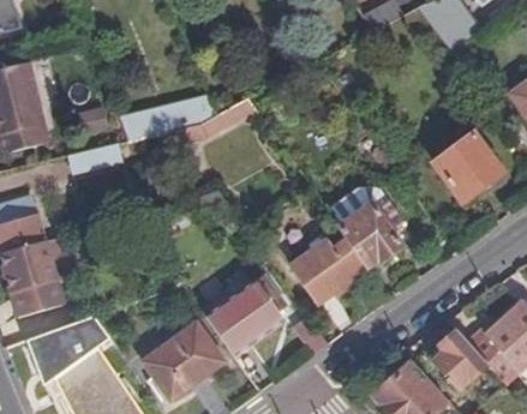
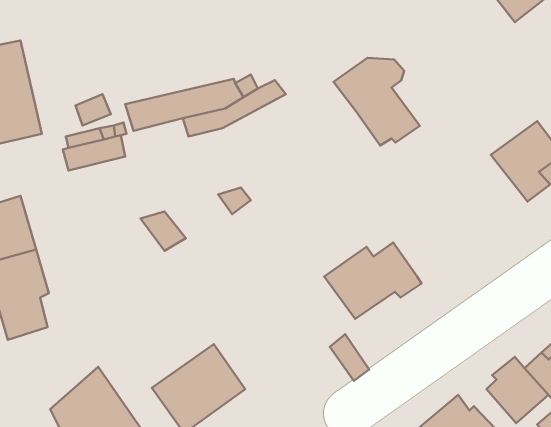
building: [329,191,402,265] -> [334,58,420,145]
building: [205,275,282,354] -> none
building: [30,316,110,365] -> none

